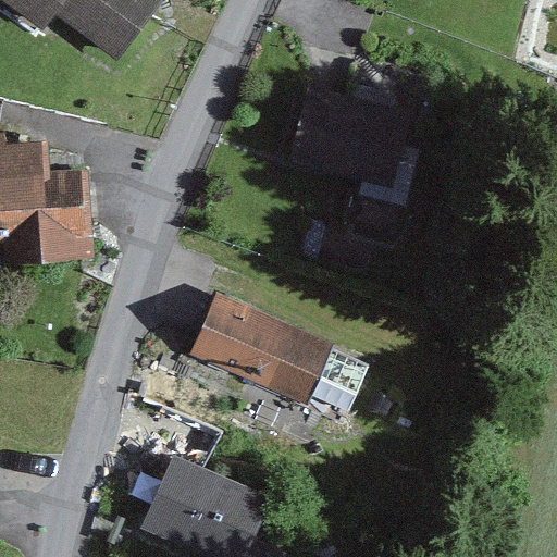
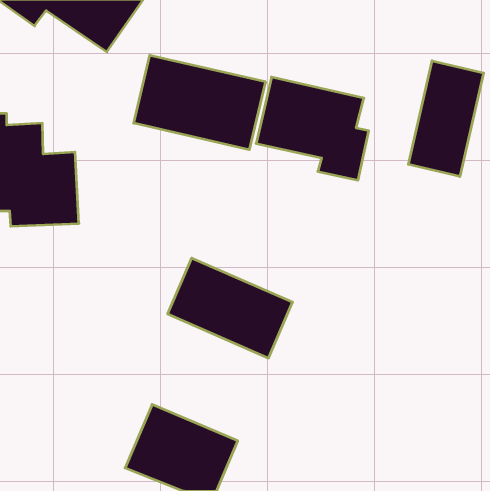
building: none -> [134,55,265,150]
building: none -> [408,61,484,177]

